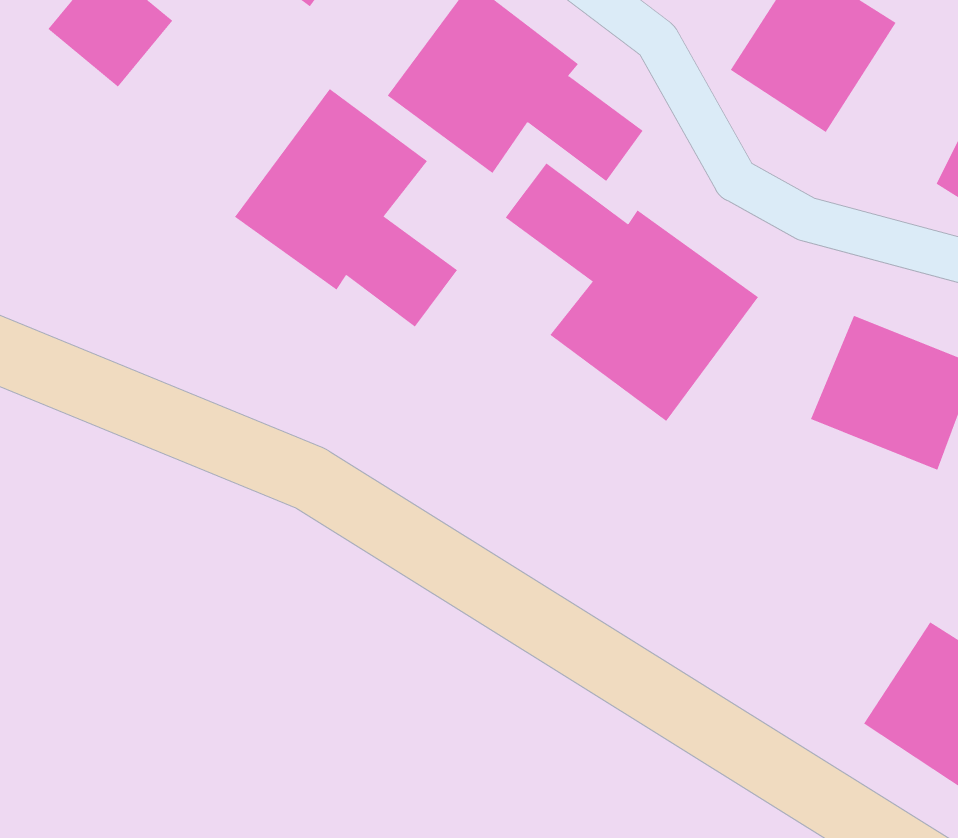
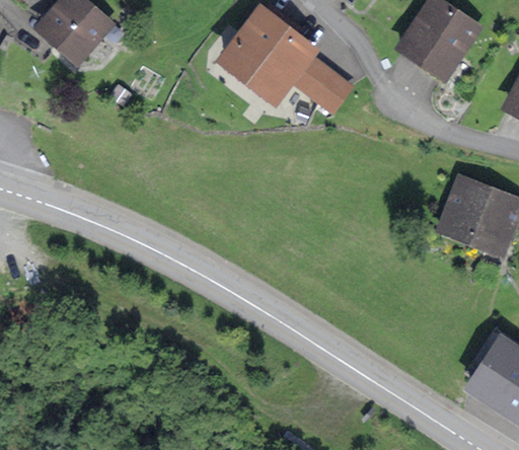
building: [234,88,458,327] -> none
building: [505,162,759,422] -> none

